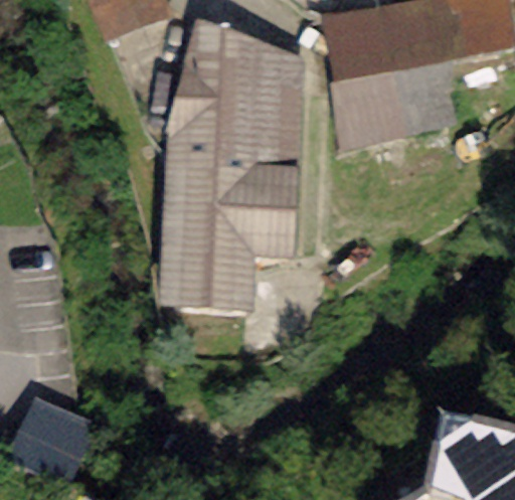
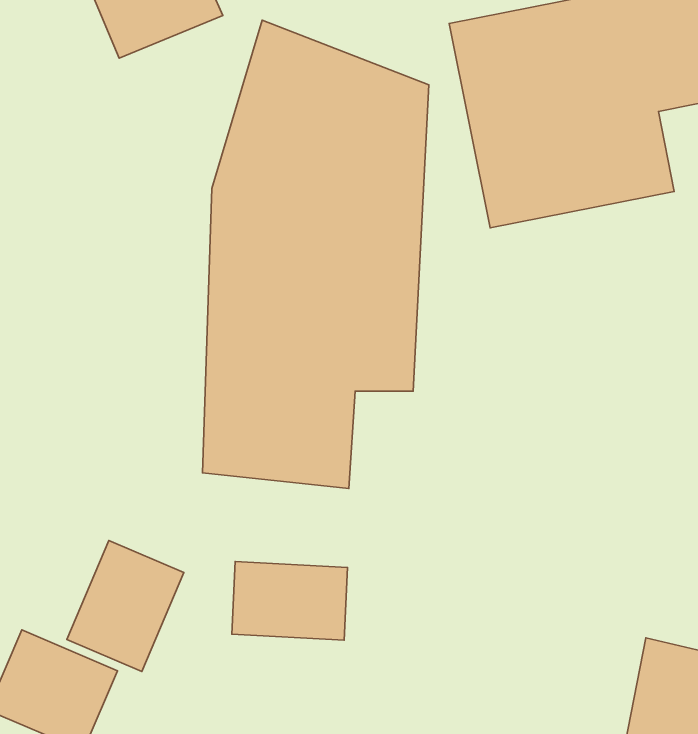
building: none -> [67,540,184,672]
building: none -> [232,562,347,640]

